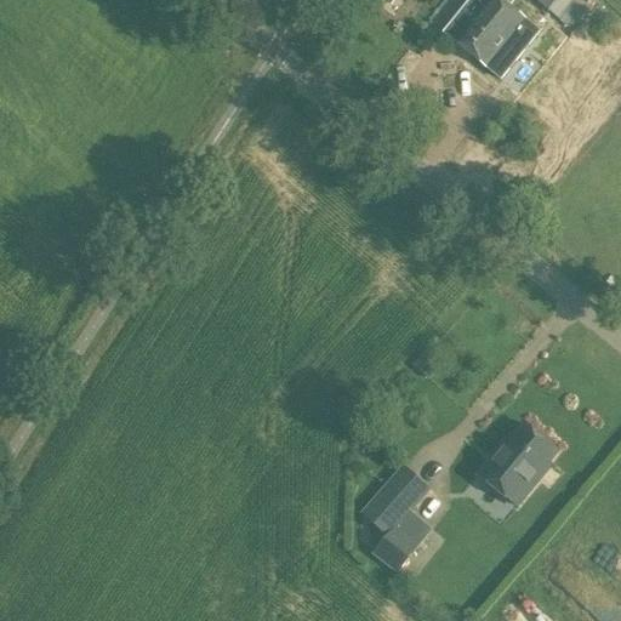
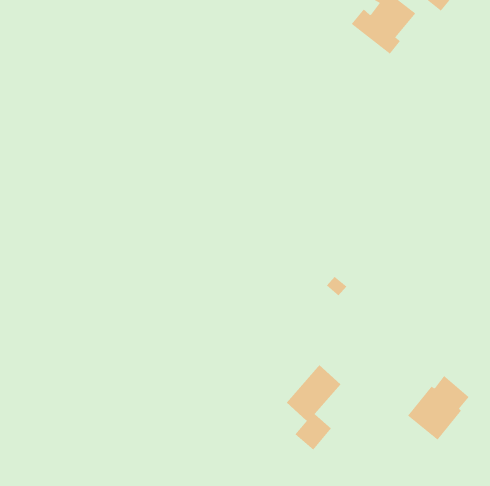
building: [482,421,560,503] -> [407,375,470,440]

